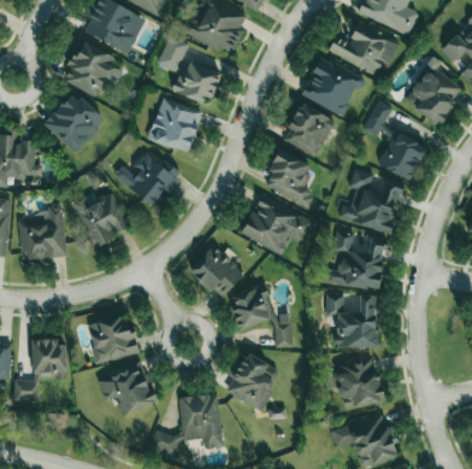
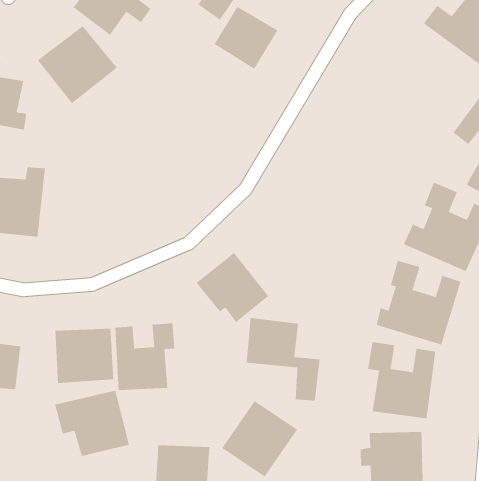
building: [302,57,362,116] -> none
building: [149,99,202,152] -> none
building: [283,104,334,157] -> none
building: [114,151,181,206] -> none
building: [264,151,314,207] -> none
building: [71,193,128,250] -> none
building: [241,194,312,256] -> none
building: none -> [114,323,175,391]

